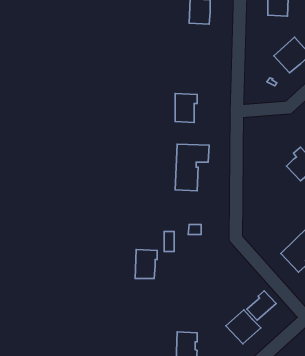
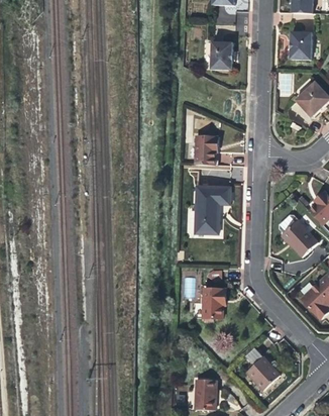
building: none -> [279,220,316,257]
building: [135,250,157,278] -> [202,289,224,318]
building: [247,291,276,320] -> none

